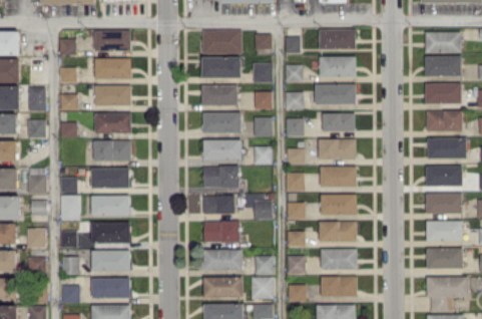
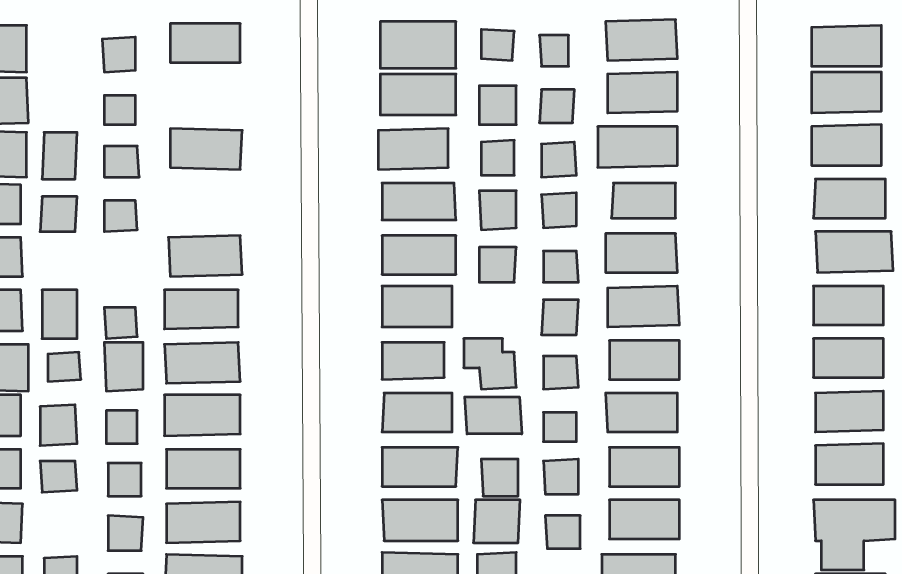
building: [94,58,131,79] -> none
building: [94,113,131,133] -> none
building: none -> [465,397,522,434]

